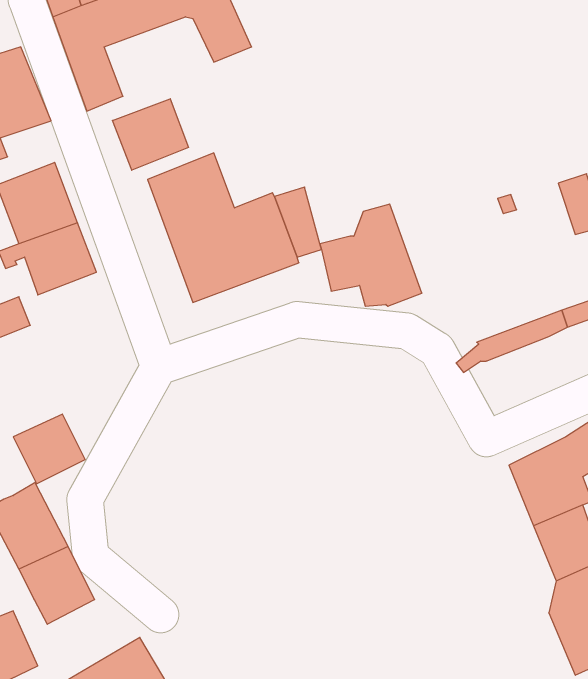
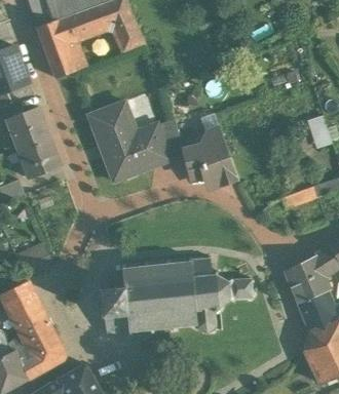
building: [112,99,189,170] -> none
building: none -> [99,255,253,333]
building: none -> [15,343,65,379]

